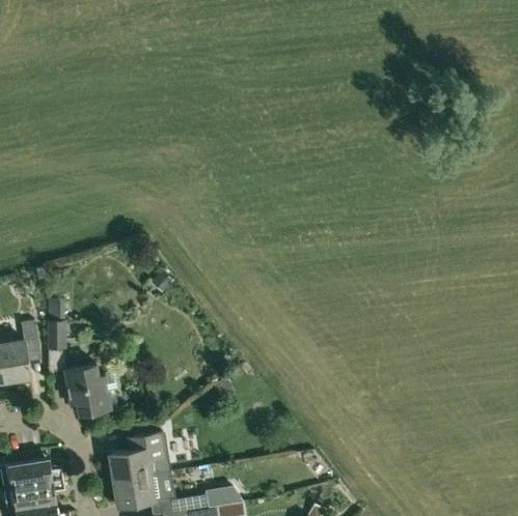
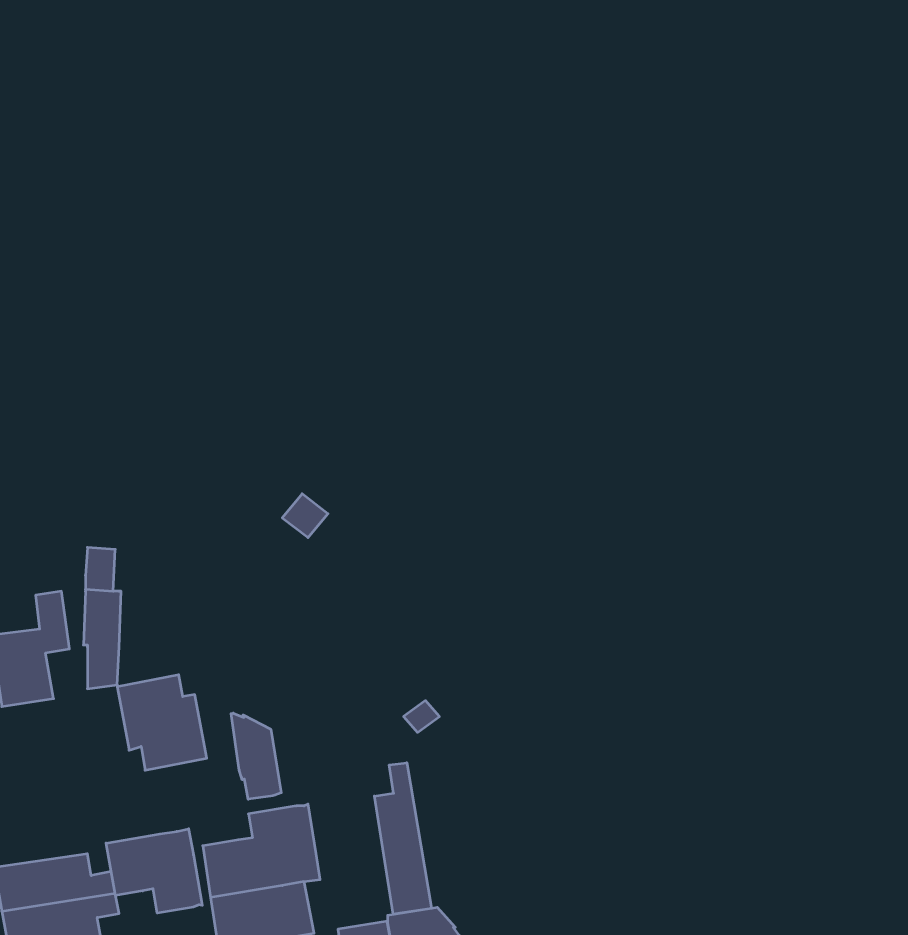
building: none -> [231,713,281,799]
building: none -> [374,763,432,914]
building: none -> [106,829,202,913]

